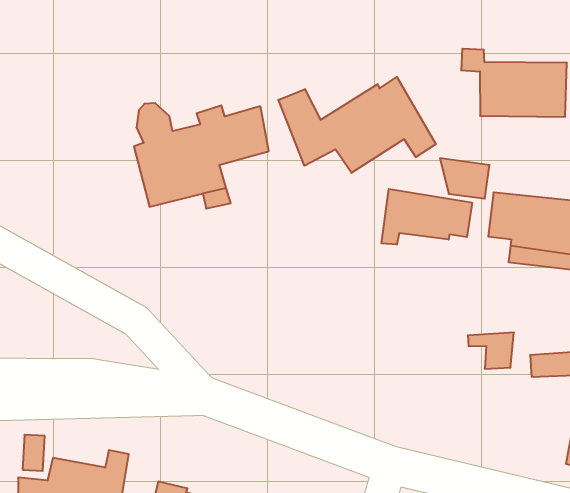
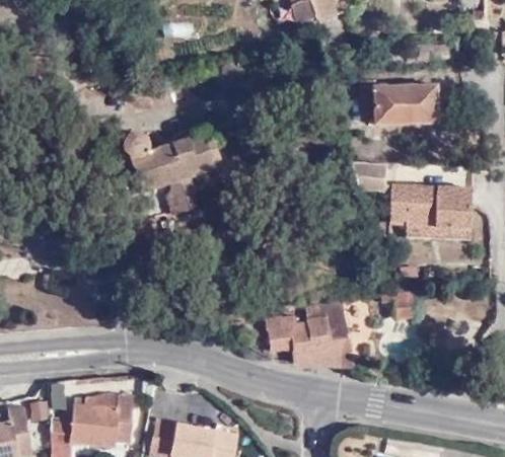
building: [278,77,436,173] -> none
building: [381,189,472,245] -> none
building: none -> [267,298,354,363]

